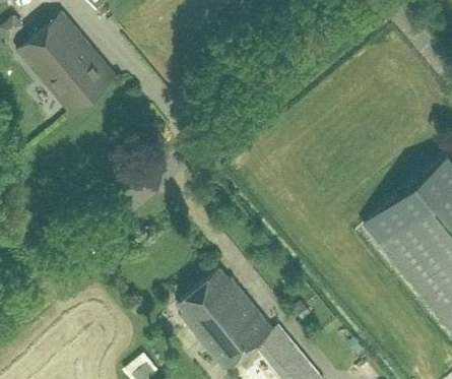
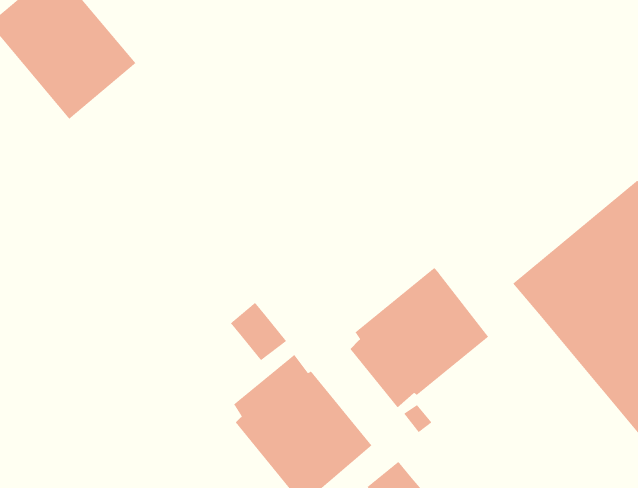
building: none -> [350,267,489,409]
building: none -> [230,302,287,361]

